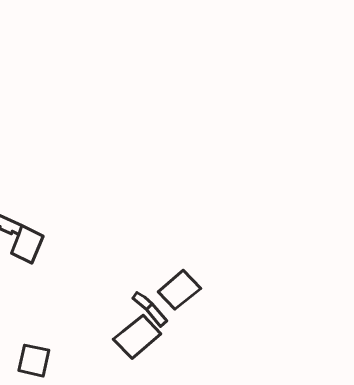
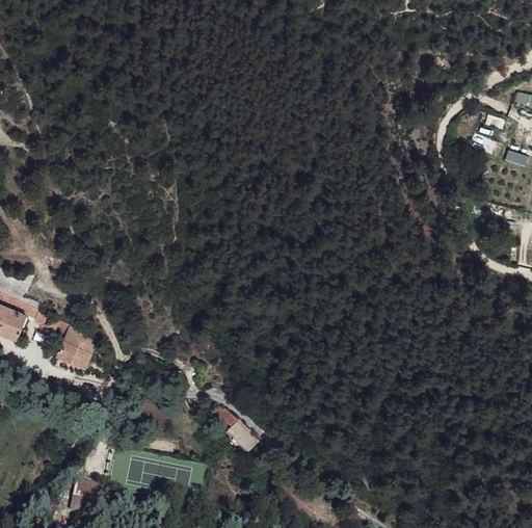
building: [158,270,201,309] -> none
building: [113,315,161,359] -> none

